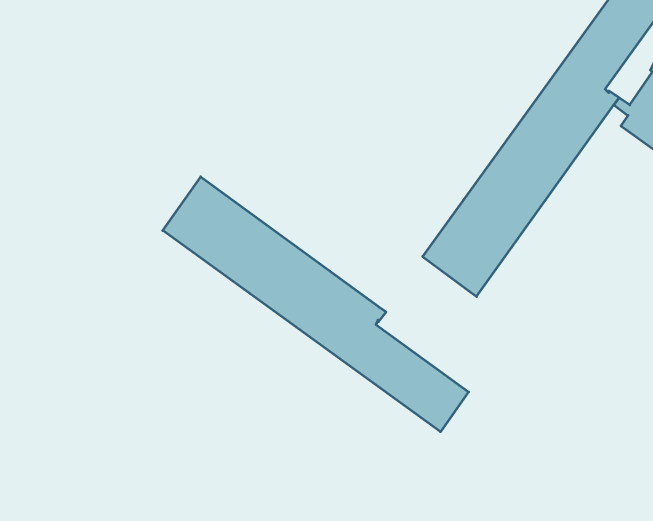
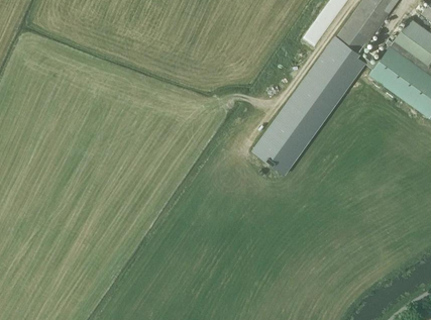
building: [163,177,469,432] -> none

